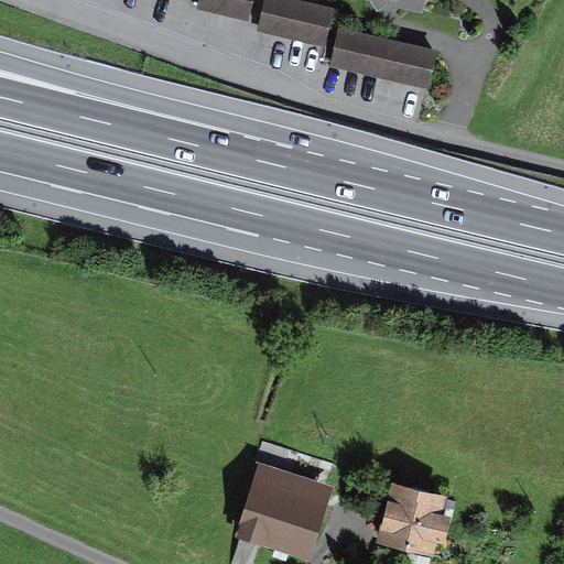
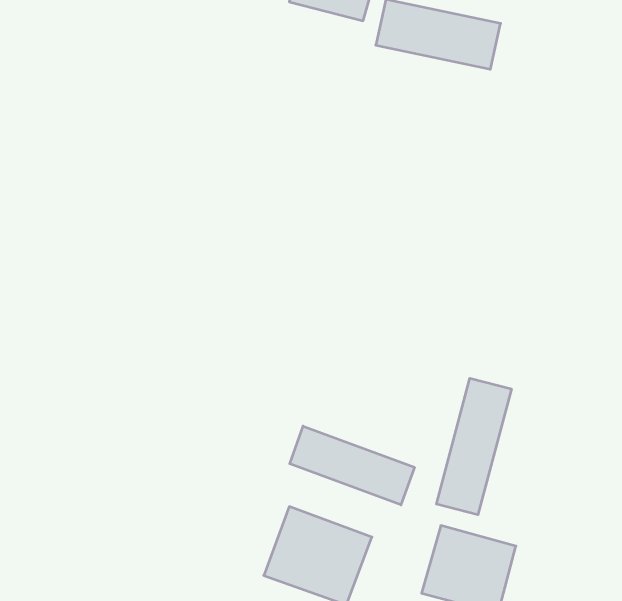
building: none -> [436,378,511,515]
building: none -> [290,426,414,505]

